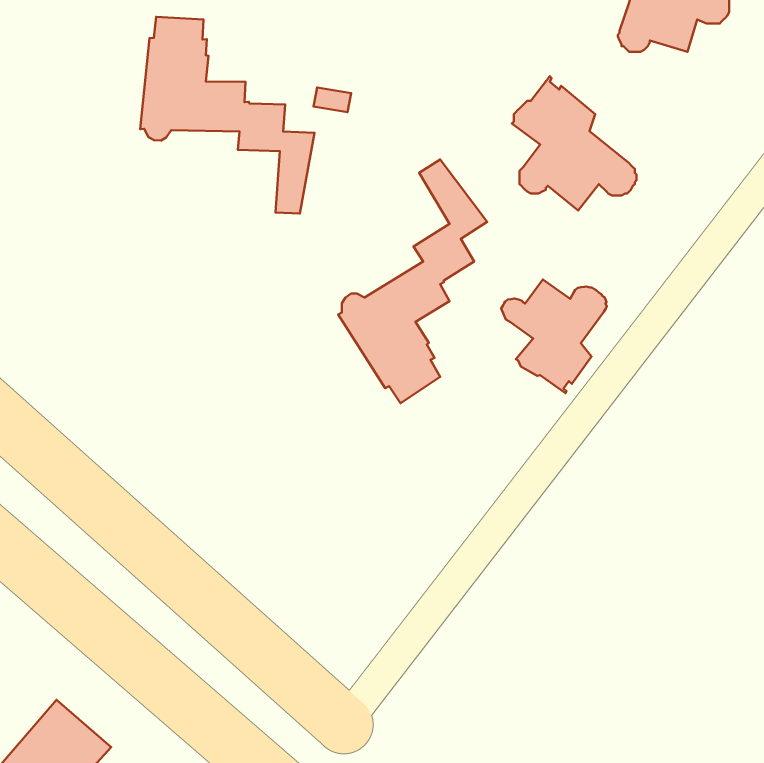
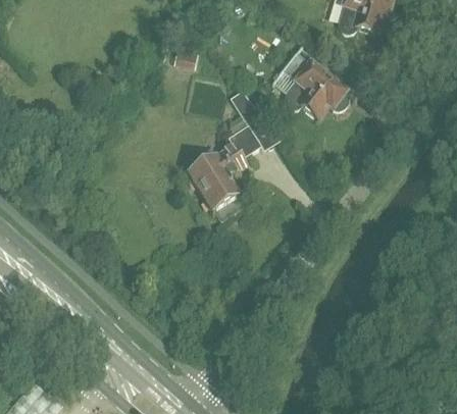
building: [140,17,314,213] -> none
building: [501,280,607,393] -> none

